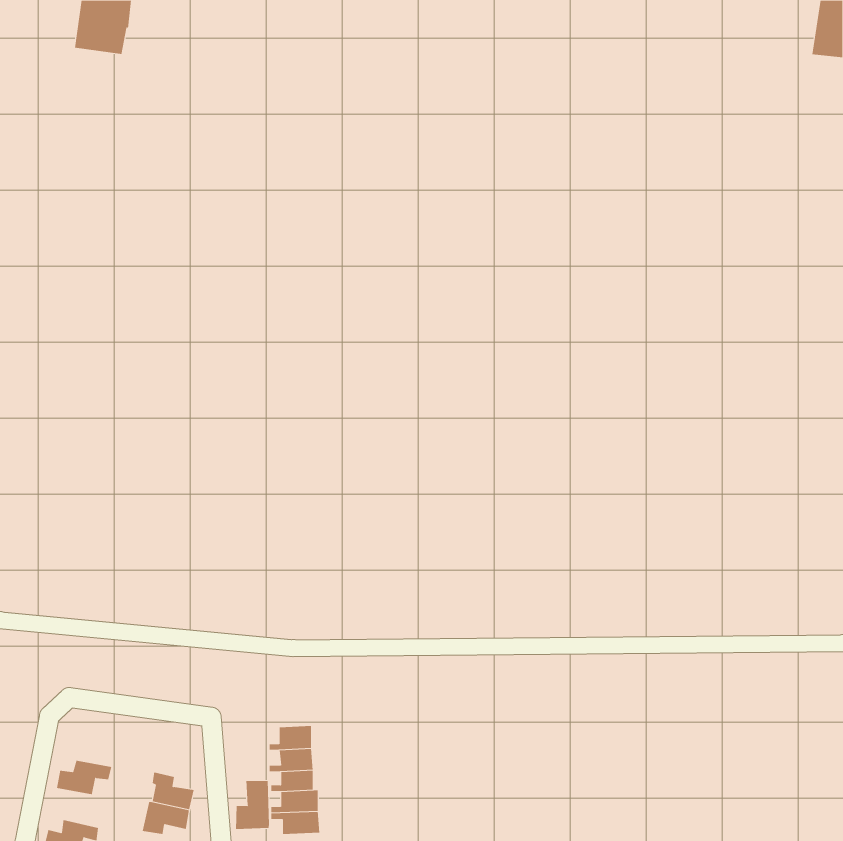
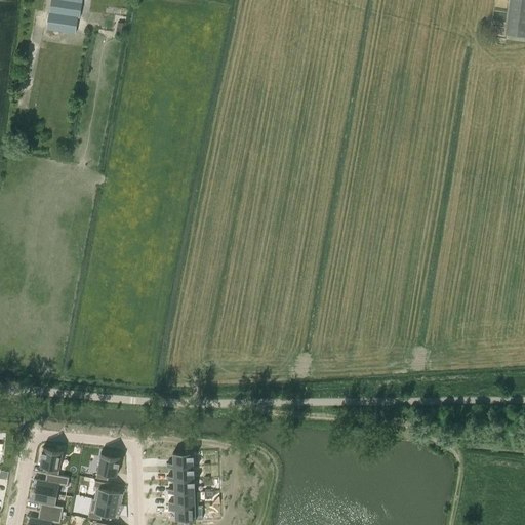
building: none -> [40,449,63,476]
building: none -> [96,456,120,481]
building: [236,780,270,830] -> none
building: none -> [33,491,64,516]

